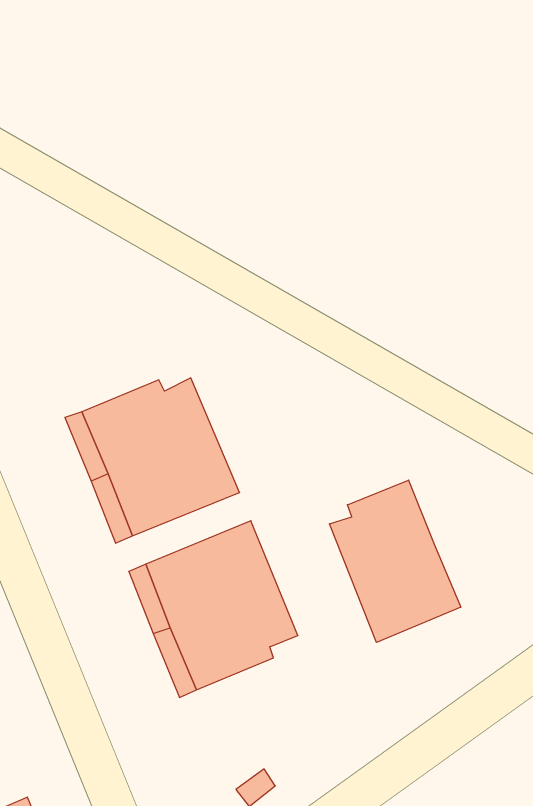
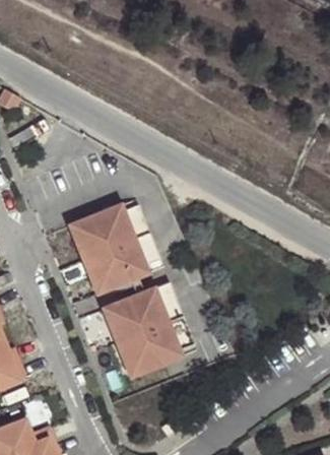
building: [329,480,461,642] -> none

